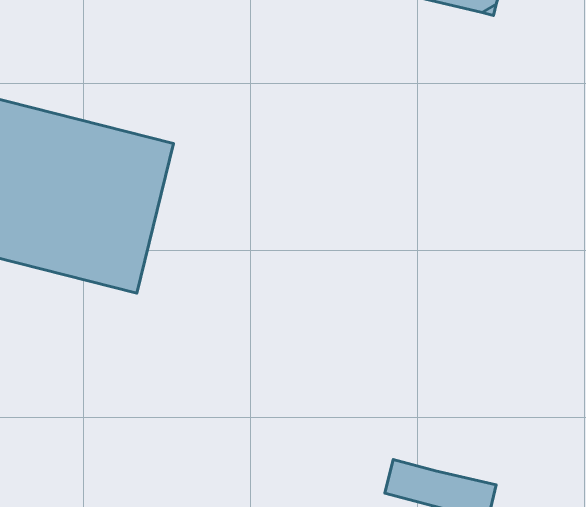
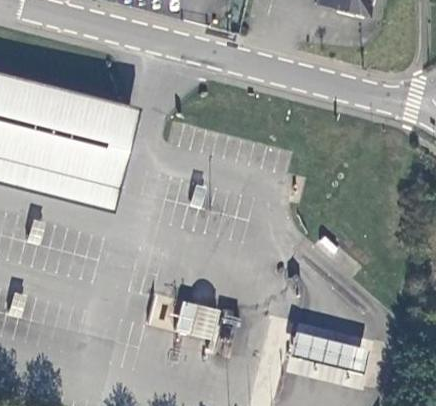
building: none -> [178,300,224,339]

